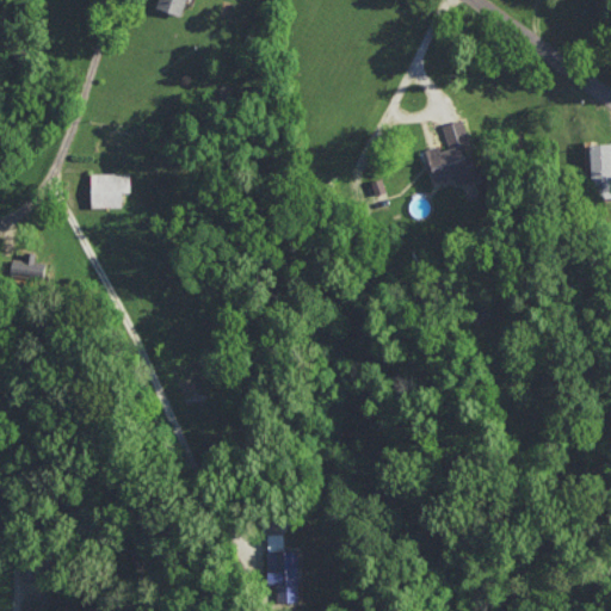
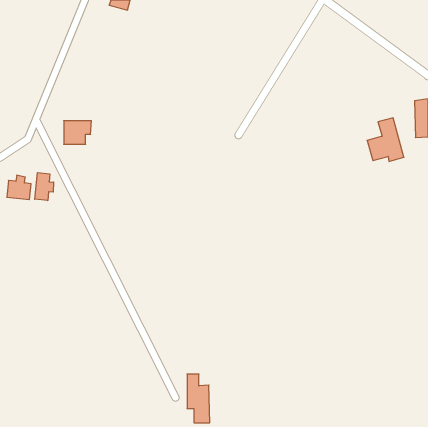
building: [426,121,479,183] -> [367,118,404,161]
building: none -> [35,173,54,201]

